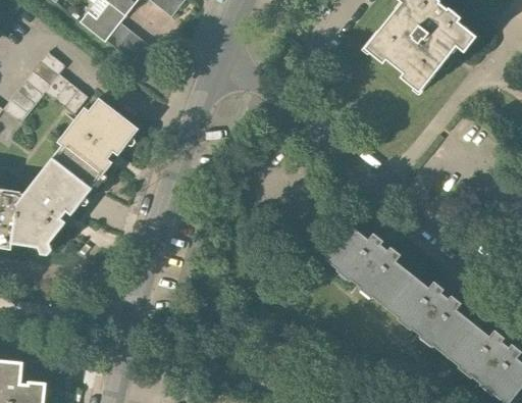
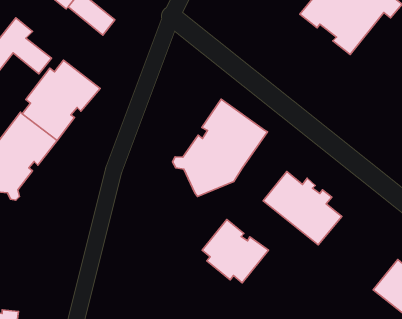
building: none -> [173,99,267,197]
building: [383,272,472,354] -> none
building: none -> [202,219,268,283]

